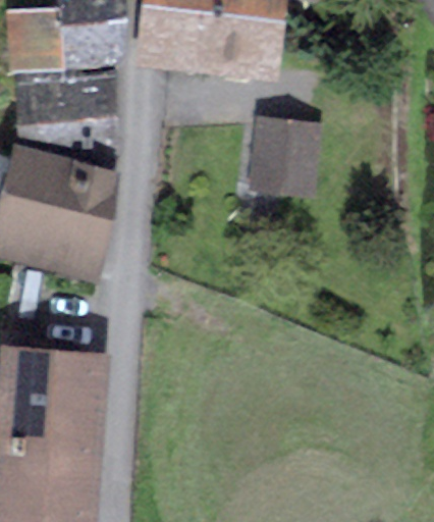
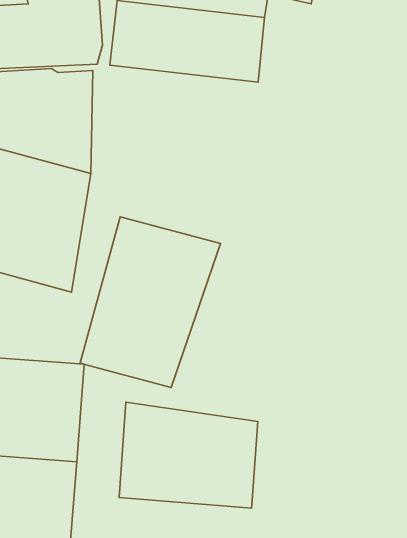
building: [248,115,324,199] -> none
building: none -> [80,217,221,387]
building: none -> [119,402,258,508]

